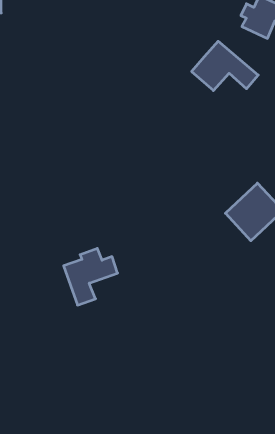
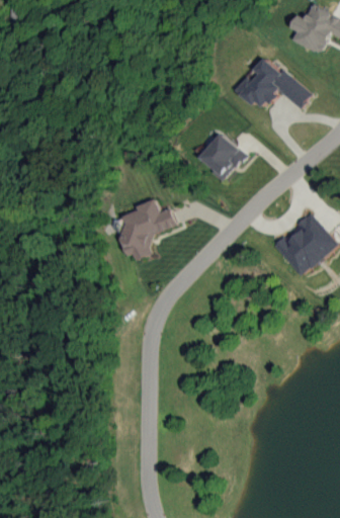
building: none -> [198,134,245,179]
building: [64,248,118,305] -> [116,198,176,261]

